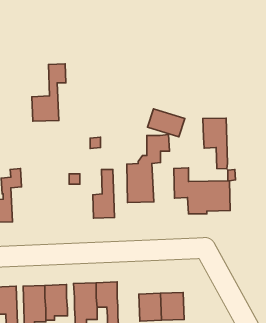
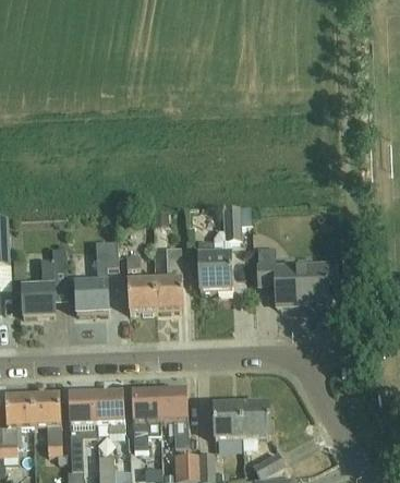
building: [32,64,66,121] -> [75,240,118,312]
building: [148,109,185,137] -> none
building: [203,118,227,169] -> none
building: none -> [128,279,157,310]

